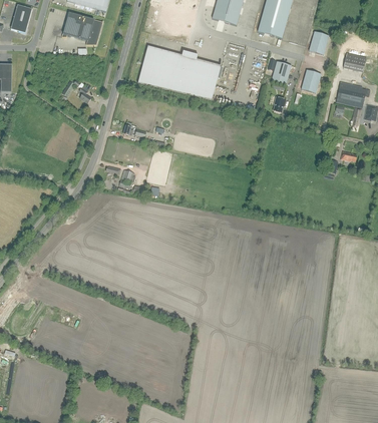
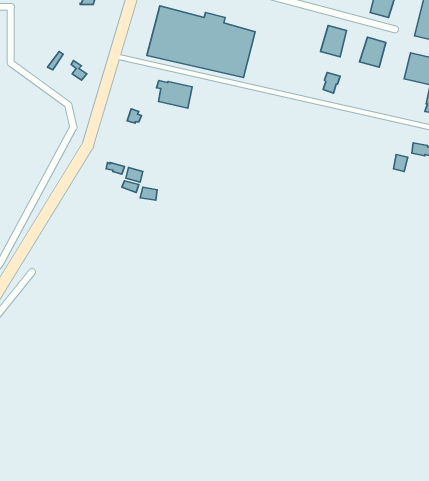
building: none -> [157,81,192,108]

